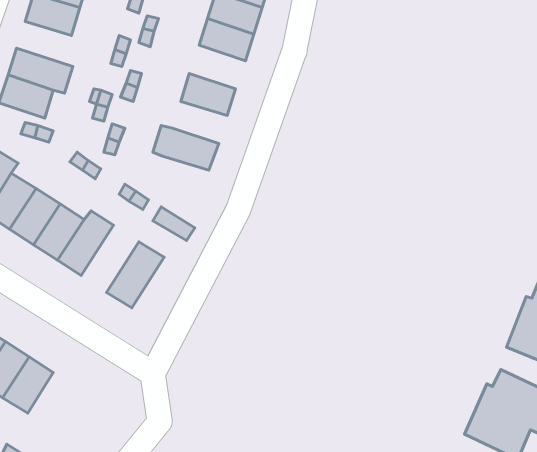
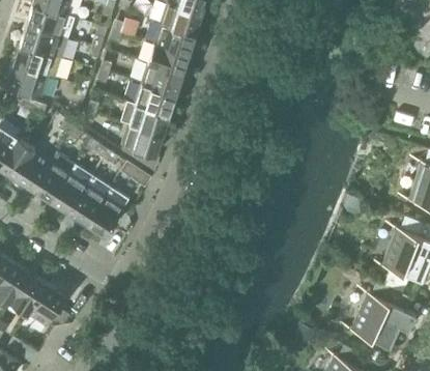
building: none -> [20,26,67,59]
building: none -> [147,44,189,76]
building: none -> [135,85,175,116]
building: none -> [121,125,162,158]
building: none -> [67,176,110,226]
building: none -> [28,285,65,327]

